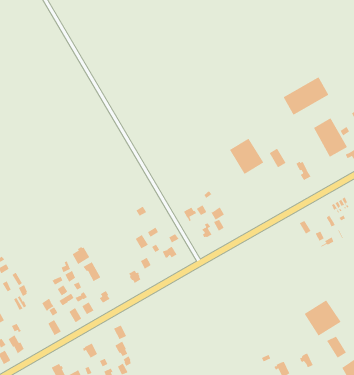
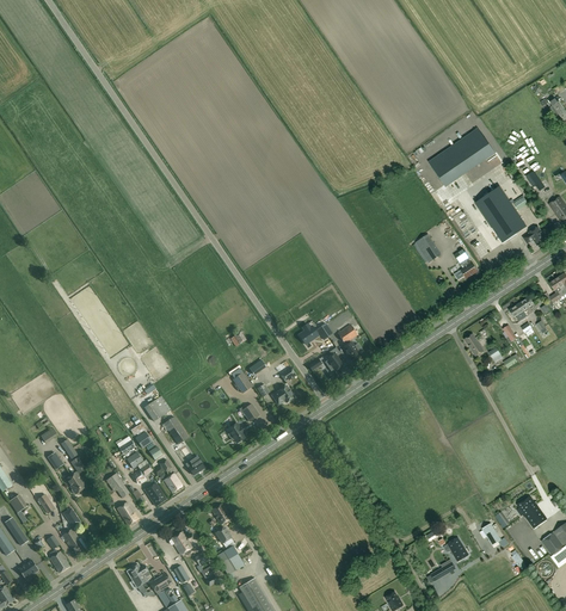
building: [229,138,264,175] -> none
building: [304,300,341,337] -> none

